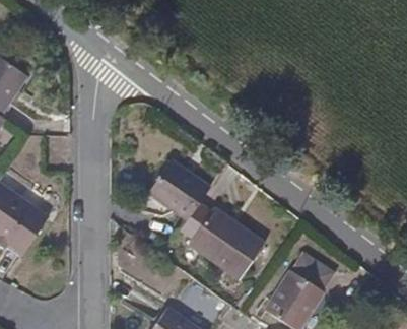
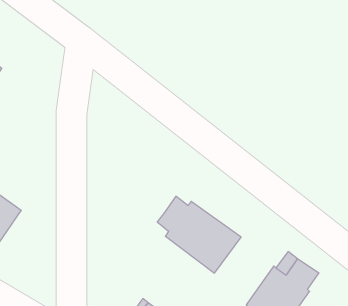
building: [147,157,209,218] -> none

